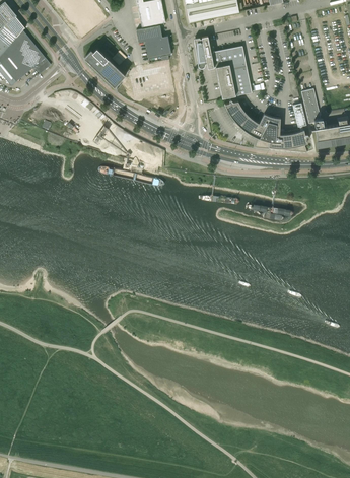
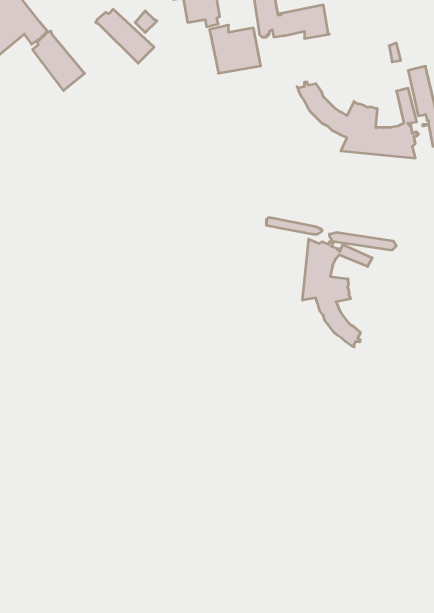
building: none -> [33,31,85,91]
building: [216,65,252,98] -> [210,25,261,73]
building: none -> [303,239,372,347]

